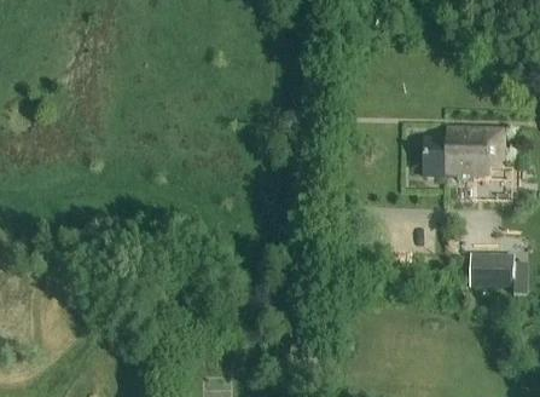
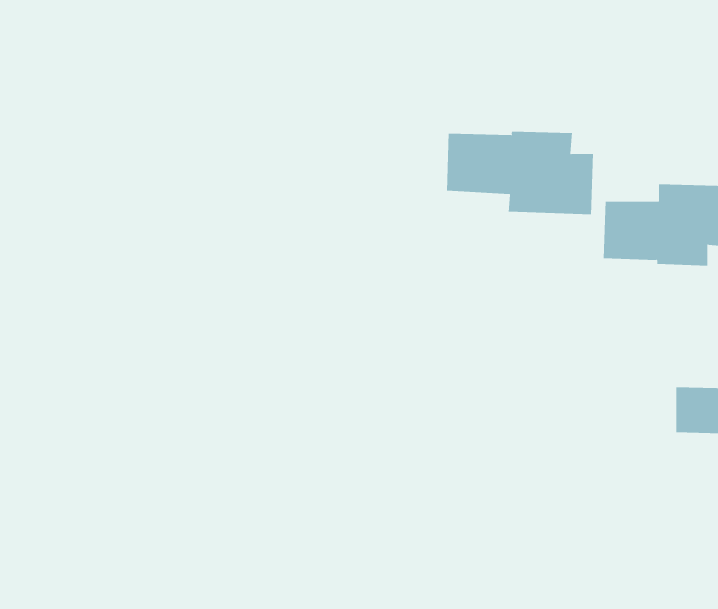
building: none -> [447,131,594,215]

